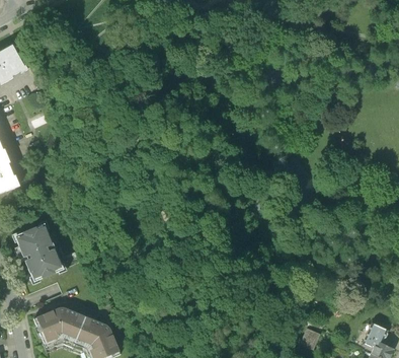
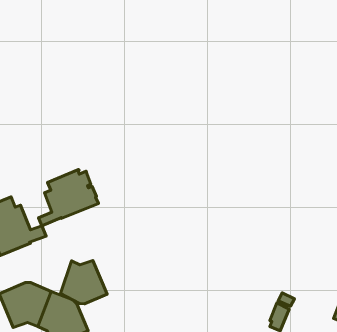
building: none -> [39,170,98,226]
building: none -> [61,260,107,304]

